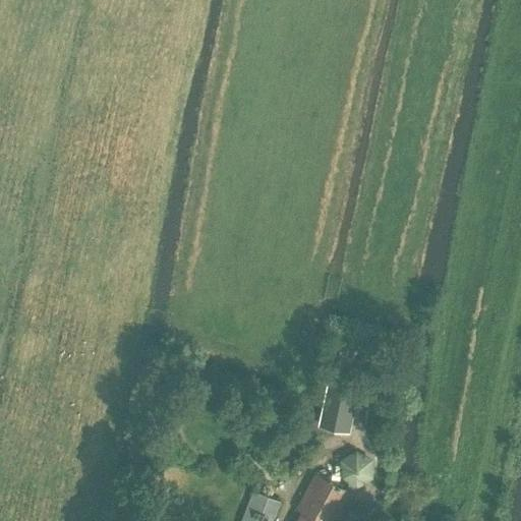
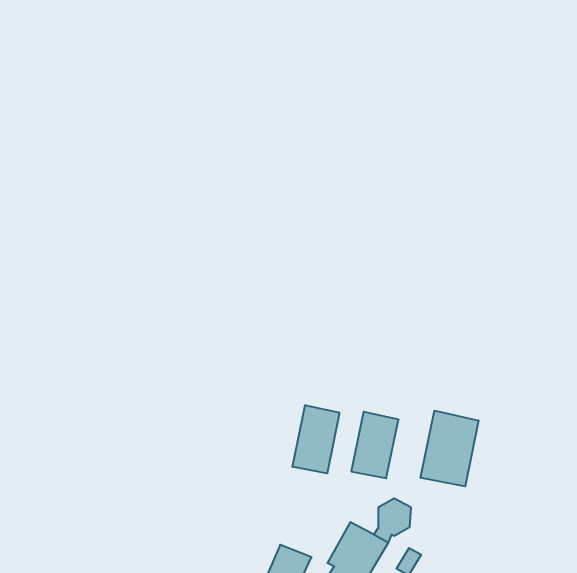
building: none -> [292,405,340,473]
building: none -> [421,411,479,486]

